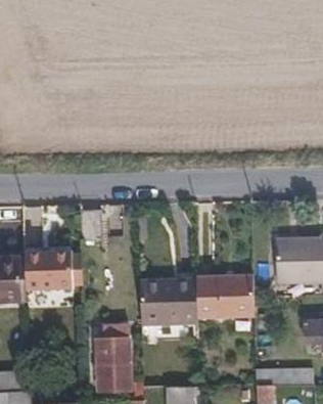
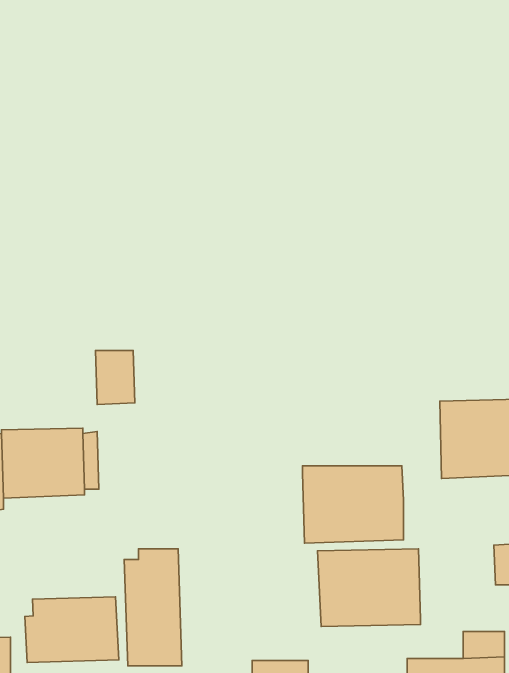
building: [139,279,197,323] -> [318,549,420,626]
building: none -> [25,597,119,663]

